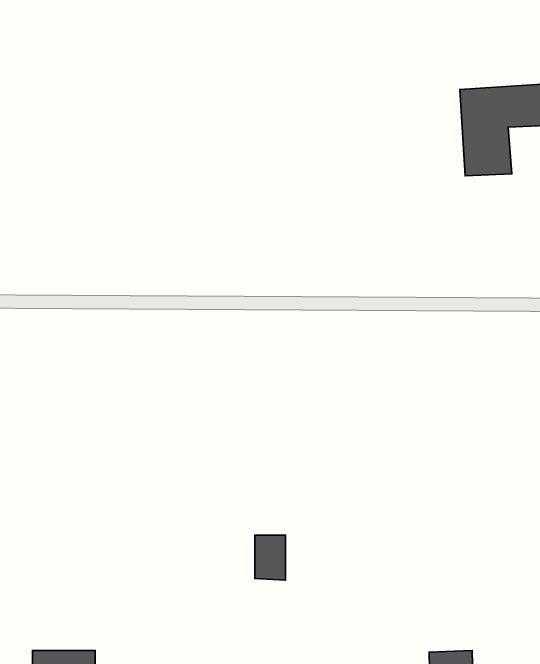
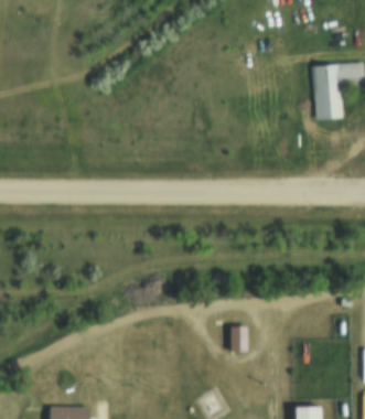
building: [255,535,285,580] -> [230,325,249,353]

